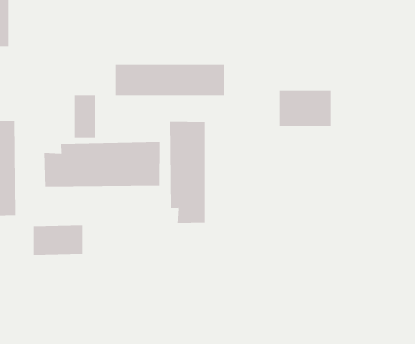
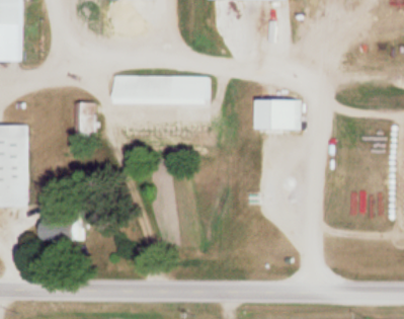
building: [170,121,205,224] -> none
building: [44,141,160,187] -> none

